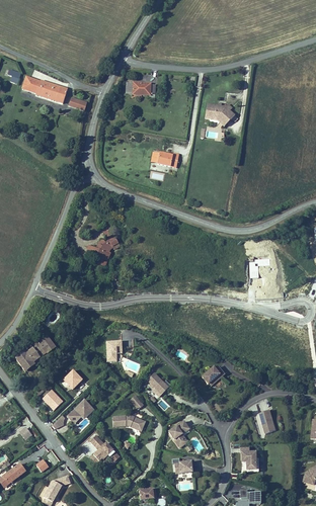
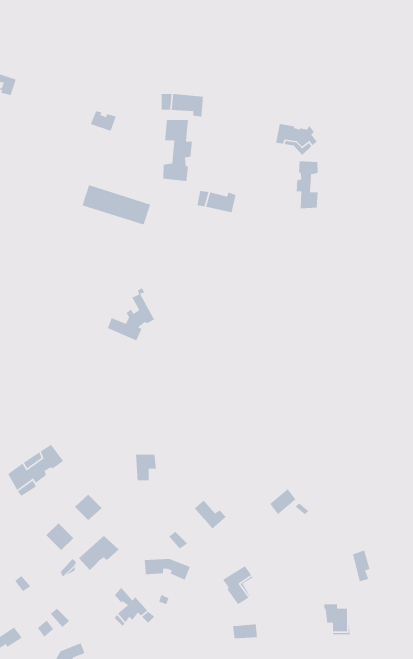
building: [22,76,72,105] -> [81,184,151,226]
building: none -> [163,119,193,182]
building: none -> [296,160,319,209]

